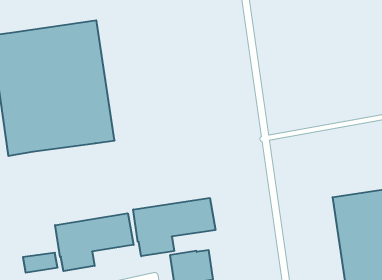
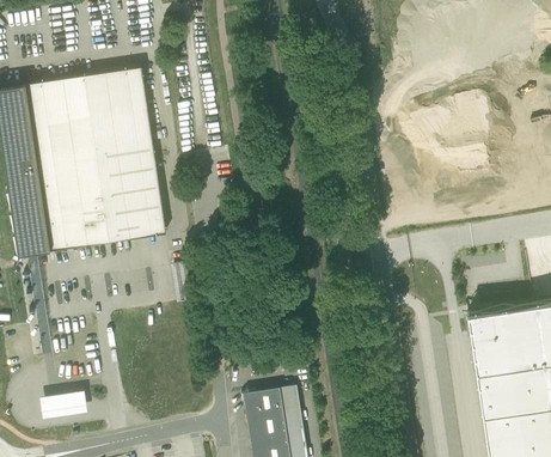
building: [133,198,215,256] -> none
building: [55,213,134,271] -> none

